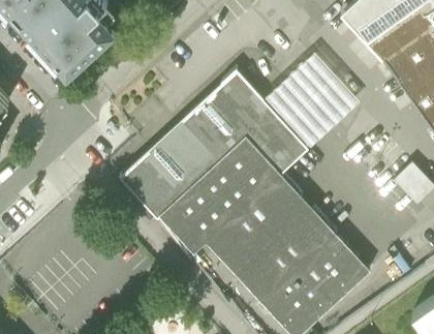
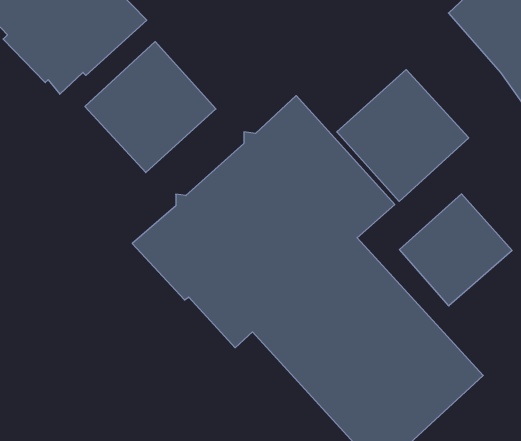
building: none -> [85,42,216,173]
building: none -> [399,194,512,306]

